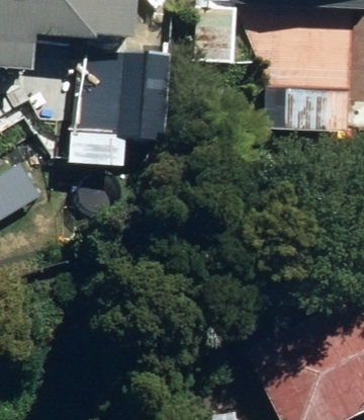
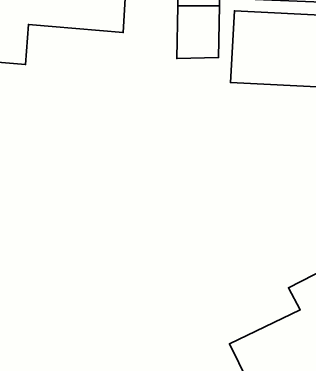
building: [74,55,175,140] -> none

